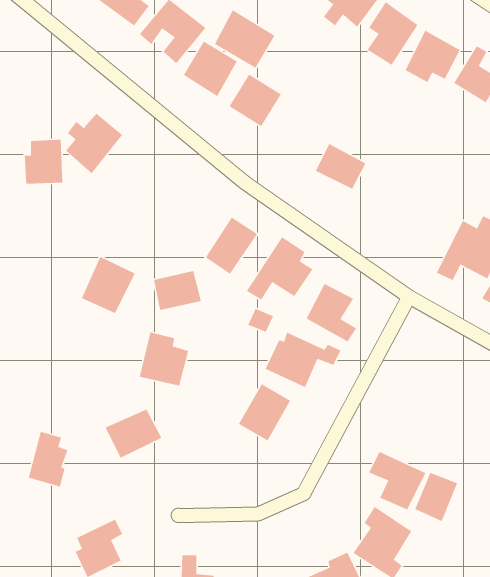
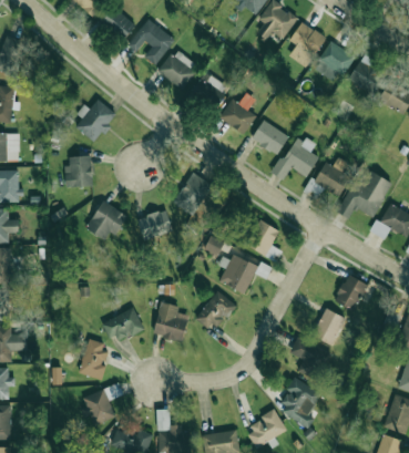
building: [214,9,276,69] -> none
building: none -> [218,93,256,134]
building: [24,139,63,185] -> [64,155,92,187]
building: none -> [314,157,354,196]
building: [246,236,313,300] -> [272,134,319,179]
building: [139,332,189,387] -> [153,302,188,341]
building: none -> [336,275,366,309]
building: [28,431,69,488] -> [79,339,108,379]
building: [414,472,458,522] -> [313,309,344,344]

